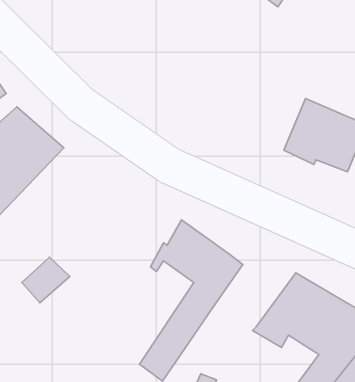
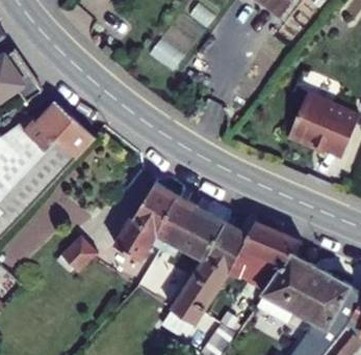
building: none -> [119,181,194,260]
building: none -> [221,215,295,294]

